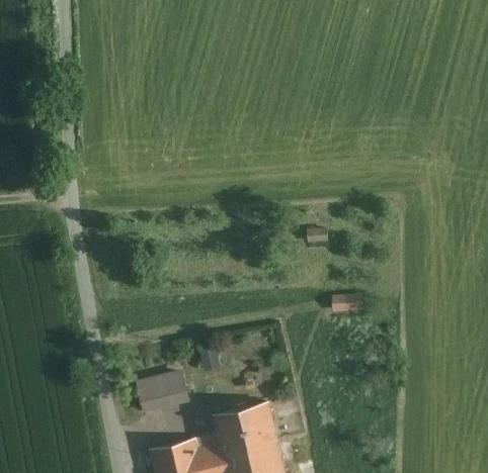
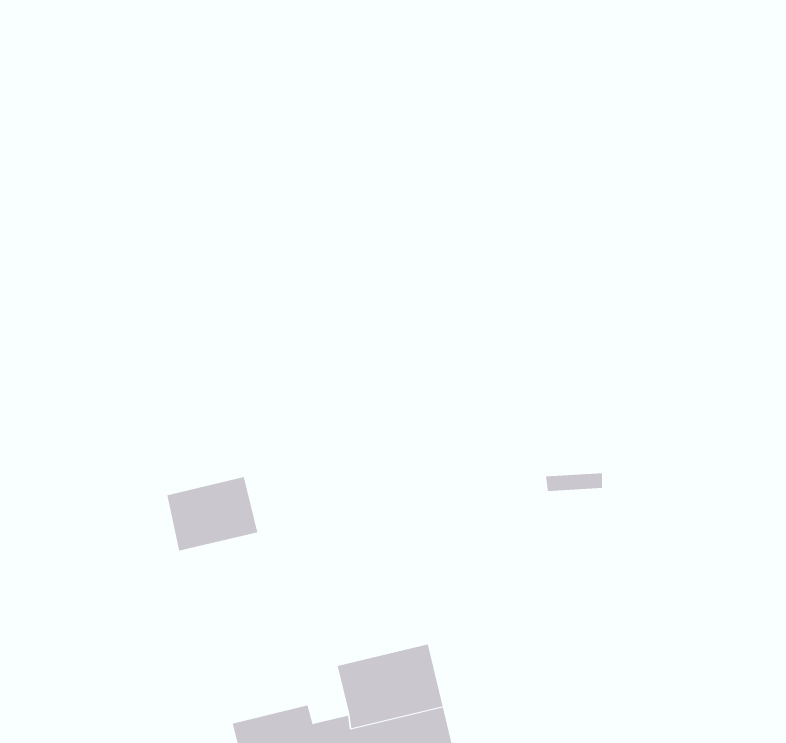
building: [135,370,189,414] -> [167,476,258,551]

